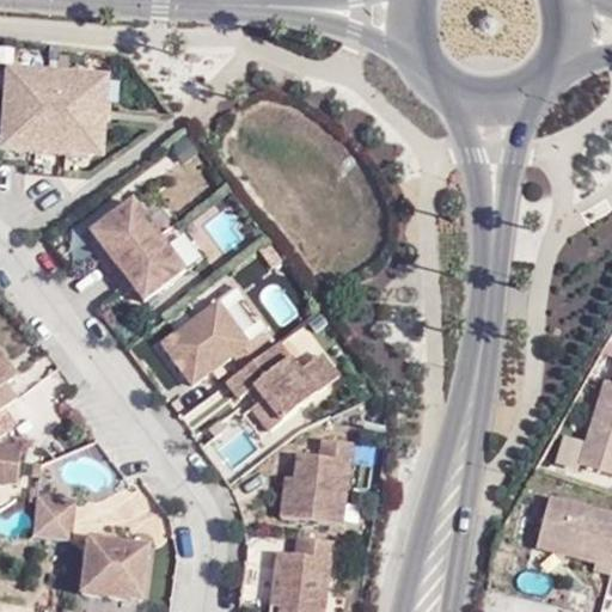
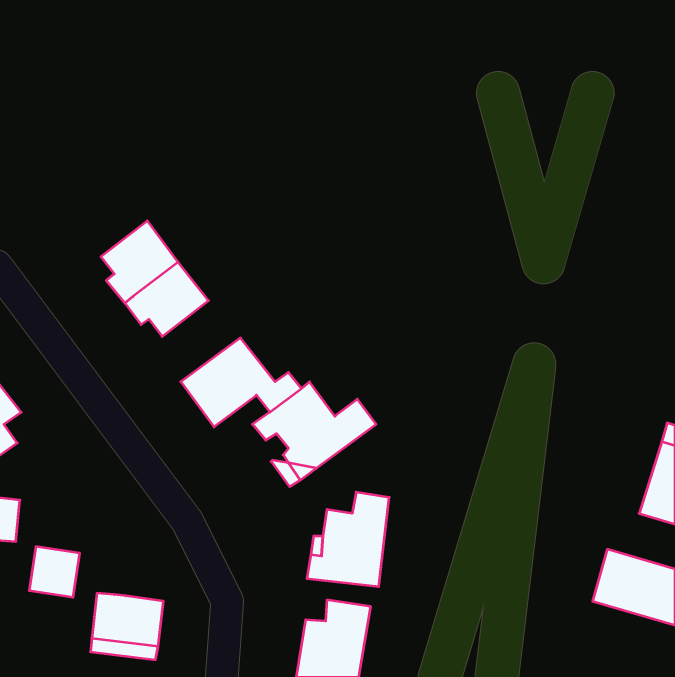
building: [5,63,109,148] -> none

